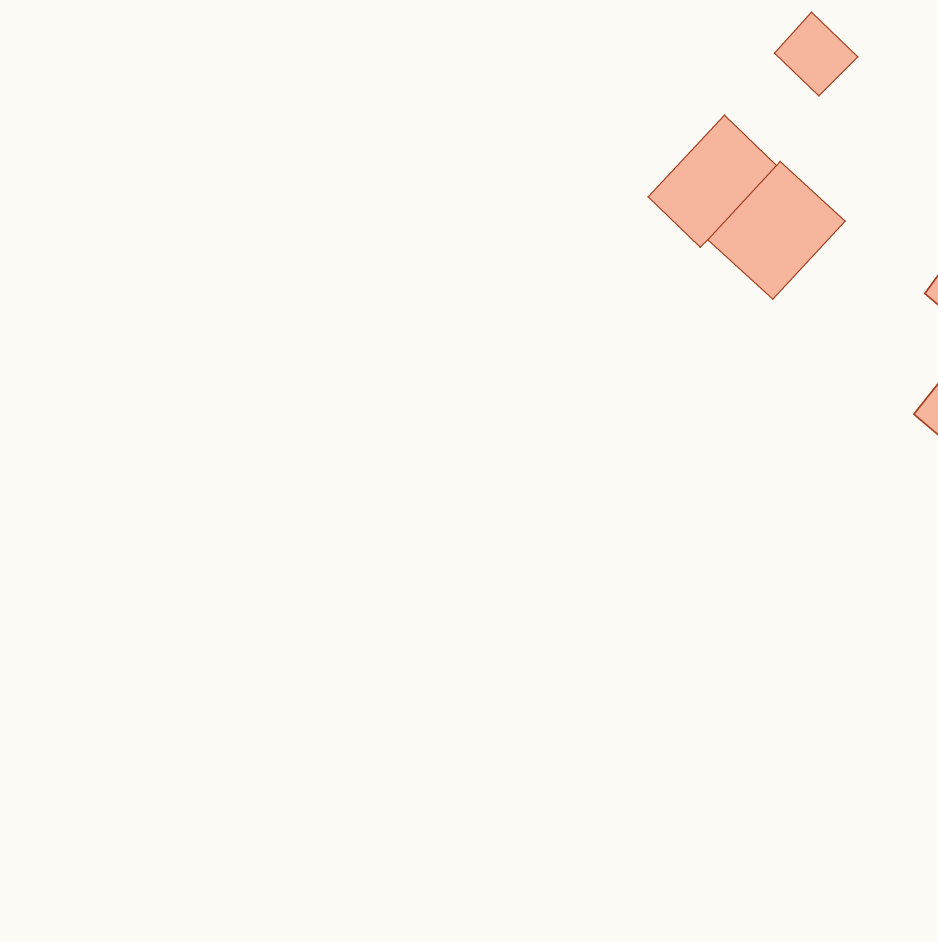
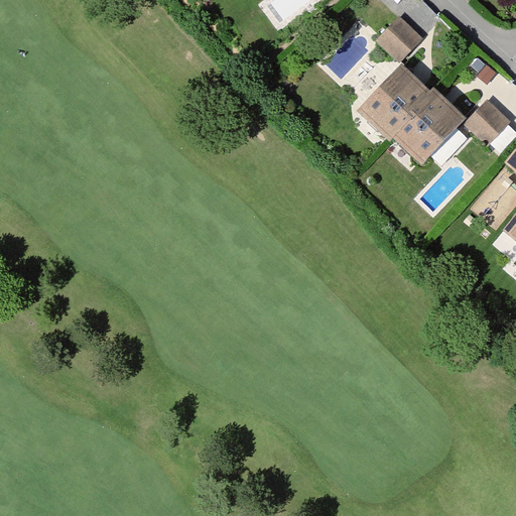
building: [774,12,858,96] -> [379,16,424,61]
building: none -> [468,101,511,144]

